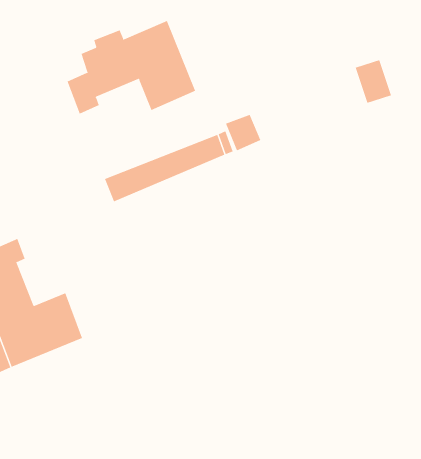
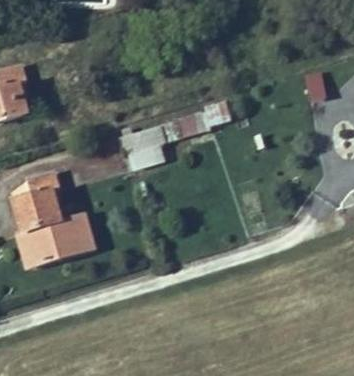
building: [67,20,196,115] -> none

